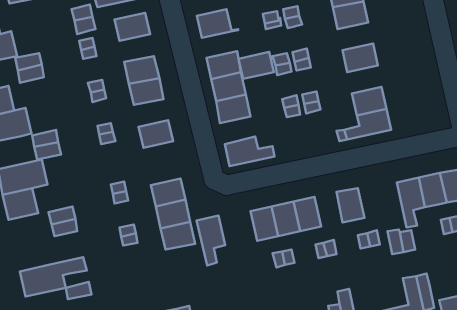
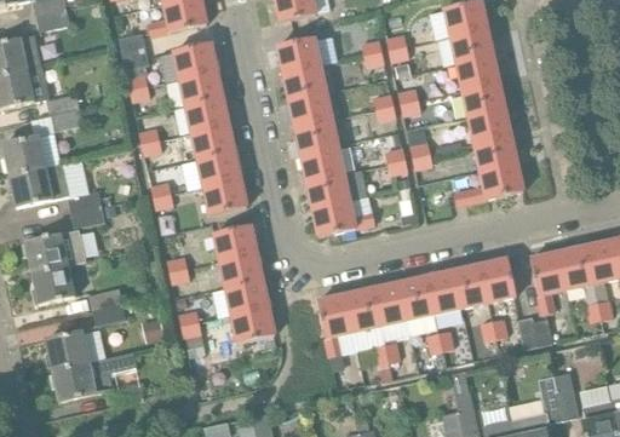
building: none -> [455,54,500,90]
building: none -> [179,69,223,104]
building: [238,52,274,79] -> [283,65,328,99]
building: none -> [467,109,511,144]
building: none -> [197,151,241,186]
building: none -> [306,173,351,208]
building: none -> [213,224,257,260]
building: none -> [481,258,516,301]
building: none -> [426,269,461,312]
building: [197,216,225,265] -> [317,293,354,356]
building: none -> [47,329,90,369]

